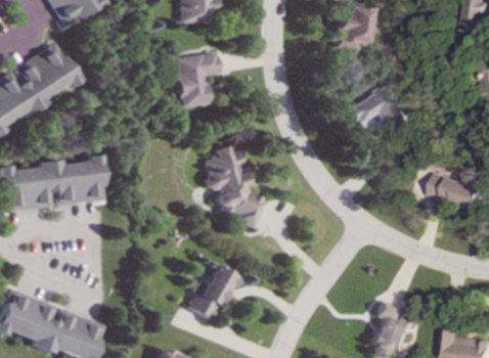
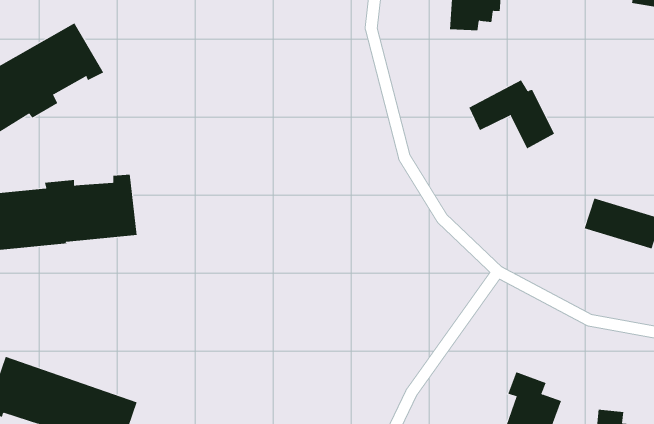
building: [177,53,221,107] -> none
building: [205,145,267,228] -> none
building: [189,265,236,320] -> none

